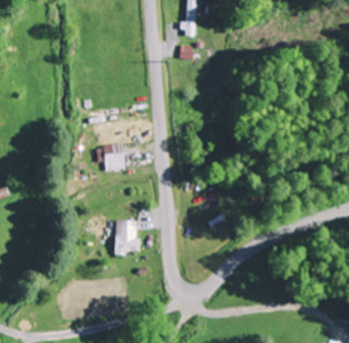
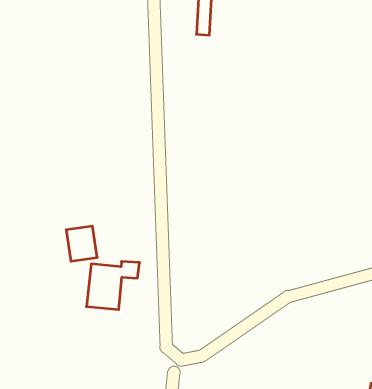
building: [102,144,127,172] -> [66,226,97,261]

